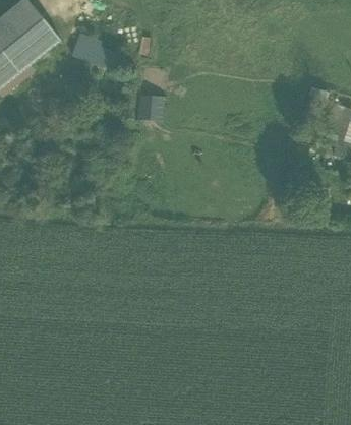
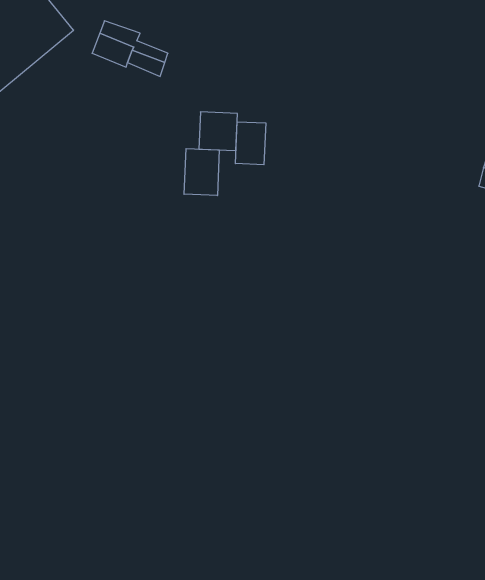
building: none -> [235,122,266,165]
building: none -> [184,149,219,196]

